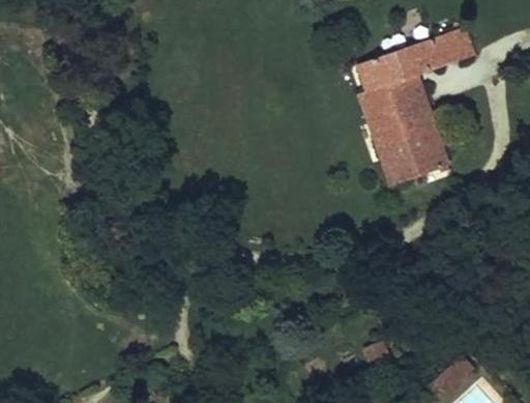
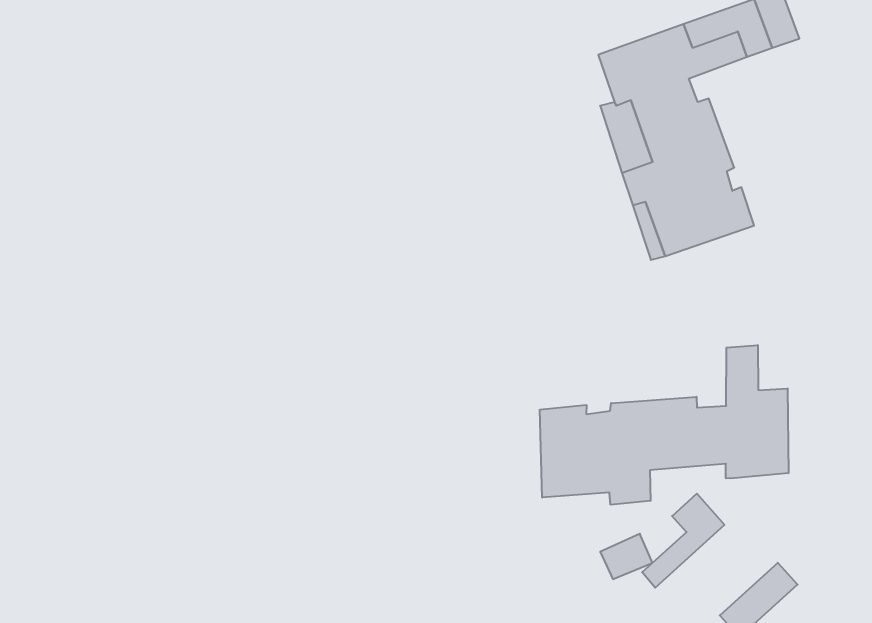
building: none -> [540,345,788,505]
building: none -> [642,494,724,588]

